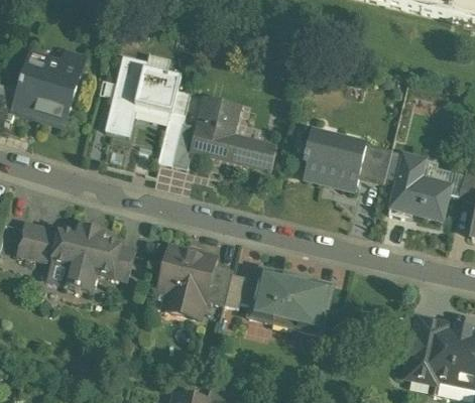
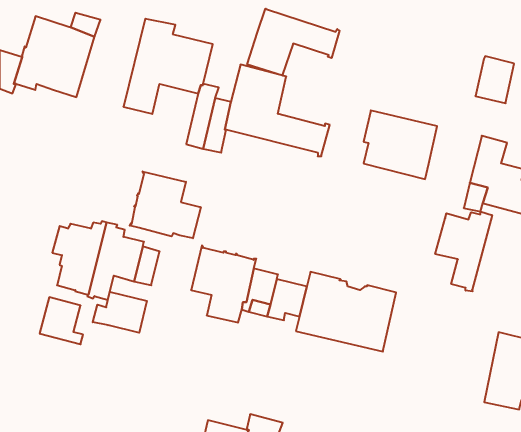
building: none -> [247,9,340,76]
building: [360,144,392,183] -> [475,56,514,103]
building: none -> [130,171,201,238]
building: none -> [435,212,492,291]
building: [17,223,53,262] -> [40,297,83,344]
building: none -> [93,292,147,333]

